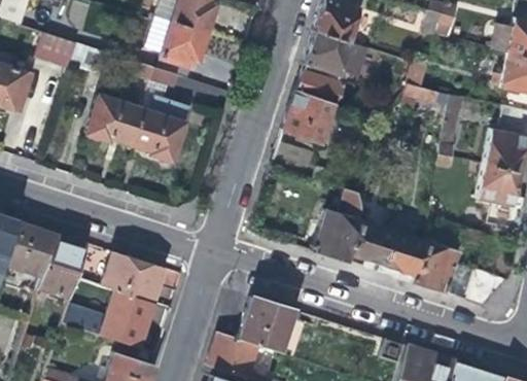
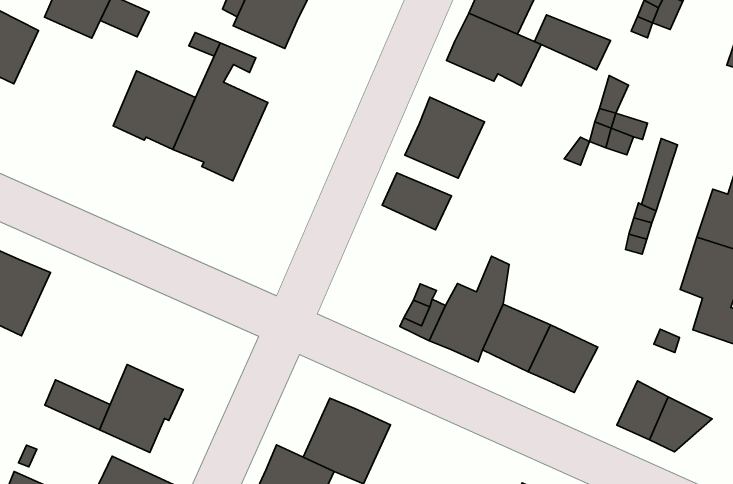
building: [296,70,347,103] -> [534,15,610,70]
building: [39,233,89,298] -> none
building: [412,242,458,292] -> none
building: [96,249,162,300] -> none

